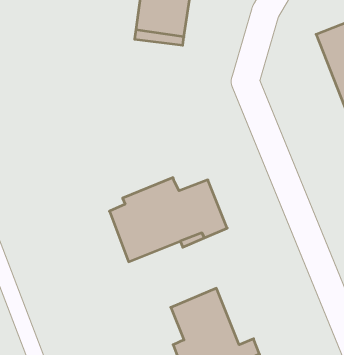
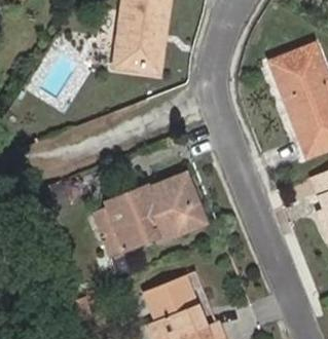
building: none -> [150,173,206,227]

